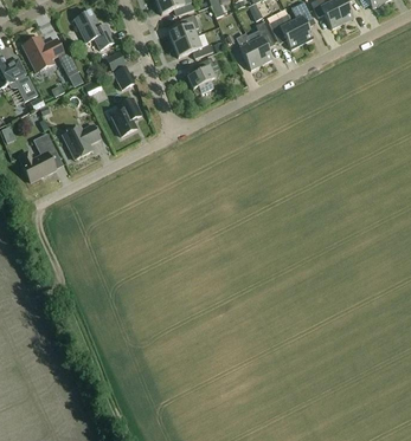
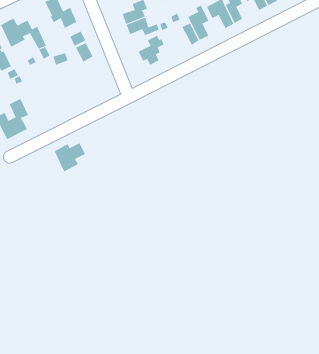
building: [110,97,140,135] -> none
building: [62,123,99,158] -> [54,142,86,172]

